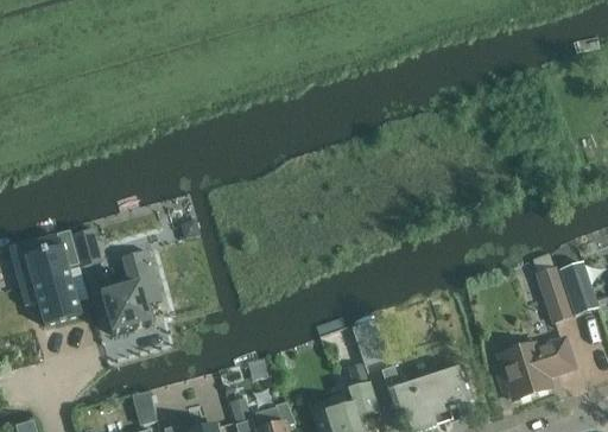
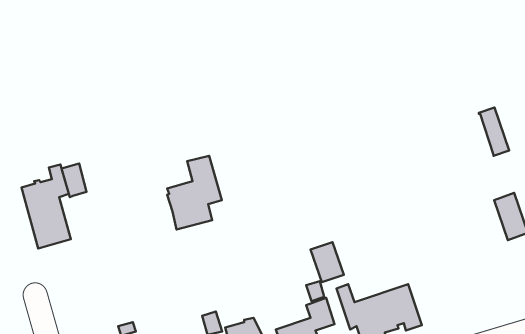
building: [107,255,169,338] -> [167,156,222,230]
building: [537,266,571,320] -> [479,107,509,156]
building: [494,336,575,398] -> none

